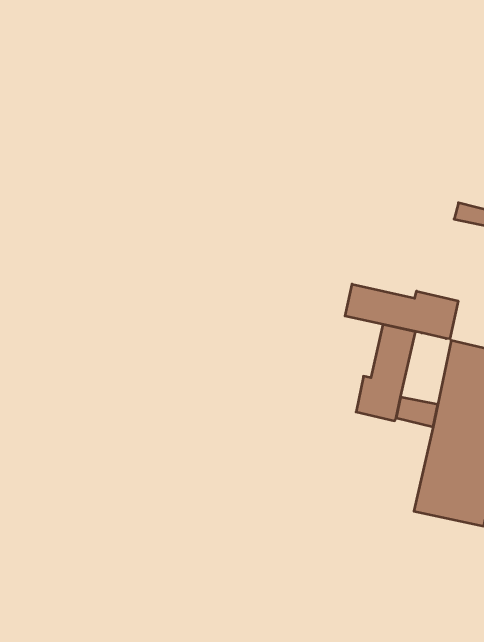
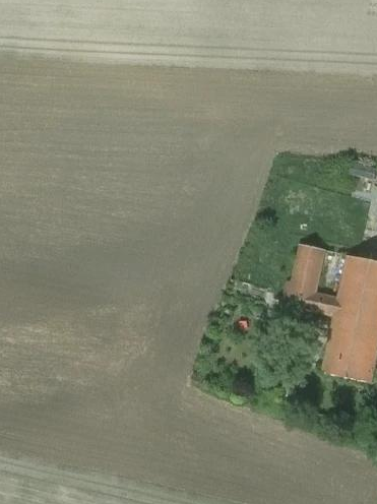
building: [345,284,458,339] -> none

